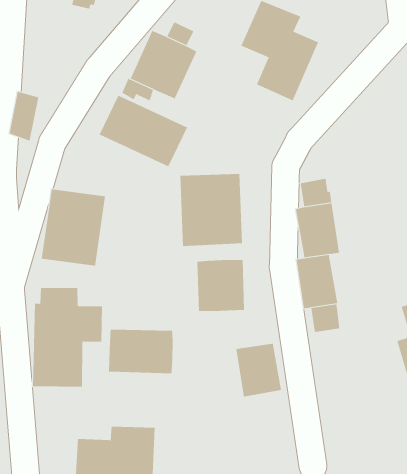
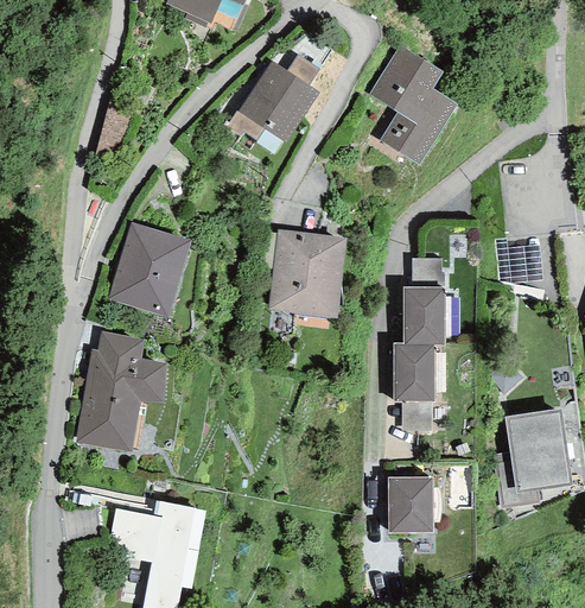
building: [99,95,188,167] -> none
building: [197,259,245,312] -> none
building: [109,329,173,374] -> none
building: [236,343,282,397] -> [388,477,433,533]

